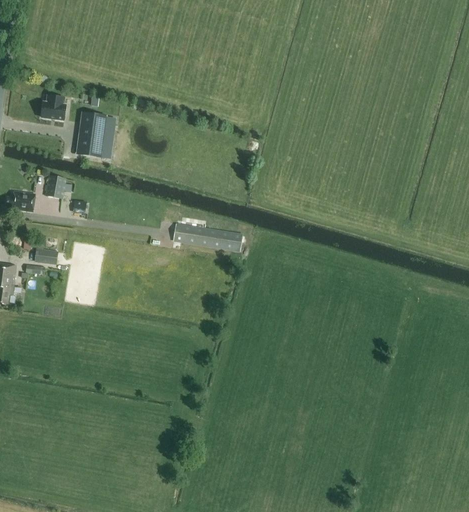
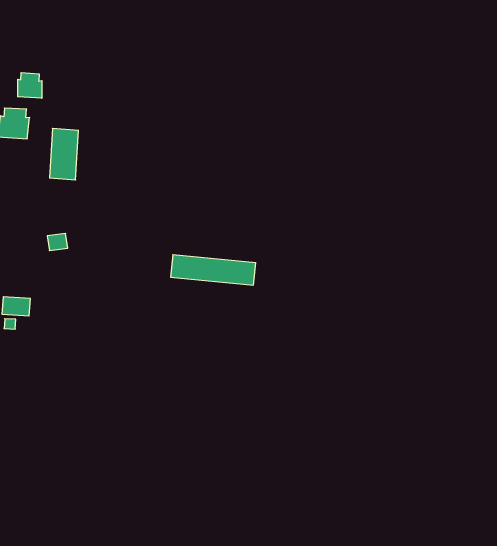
building: none -> [18,73,42,98]
building: [45,175,66,198] -> none

